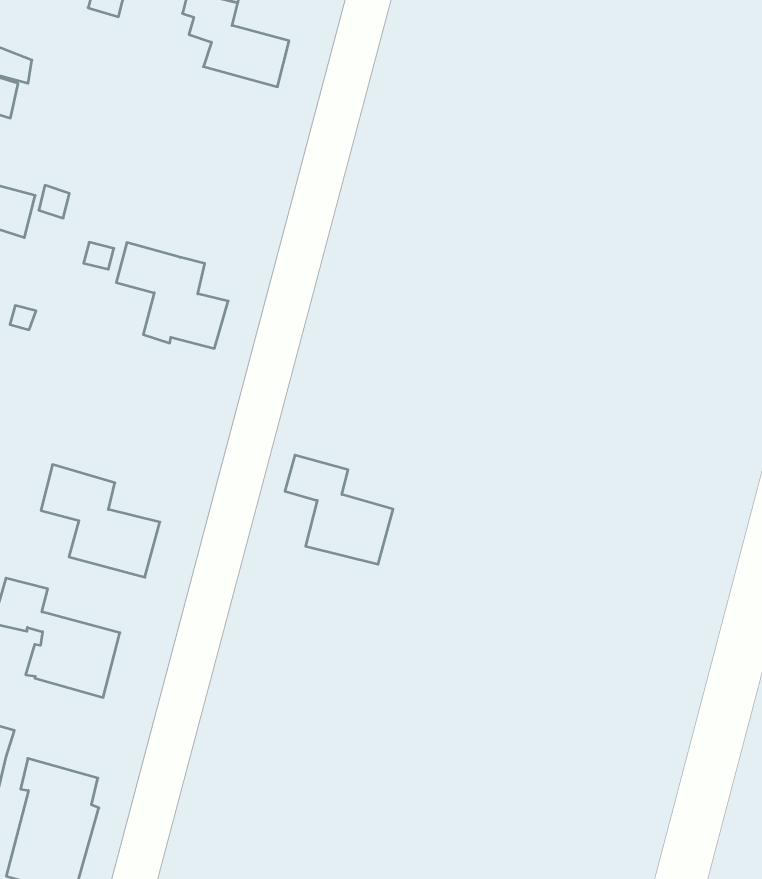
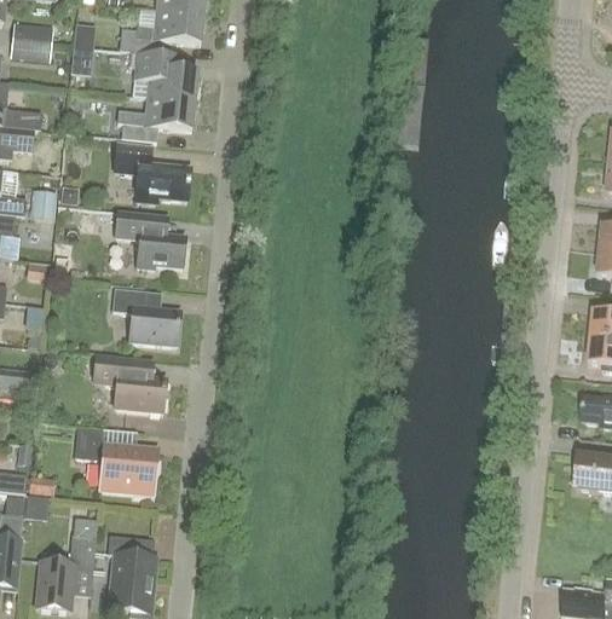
building: none -> [117,97,194,141]
building: none -> [114,143,190,203]
building: [285,455,393,564] -> [111,288,179,346]

